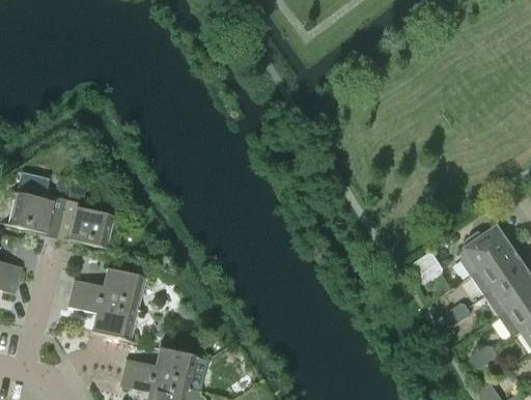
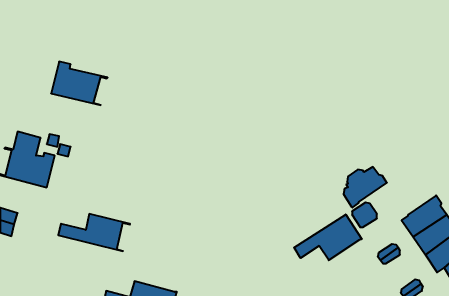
building: [56,199,122,250] -> [51,62,108,105]
building: [462,227,512,275] -> [344,167,387,208]
building: none -> [294,214,362,260]
building: [66,292,145,343] -> none

